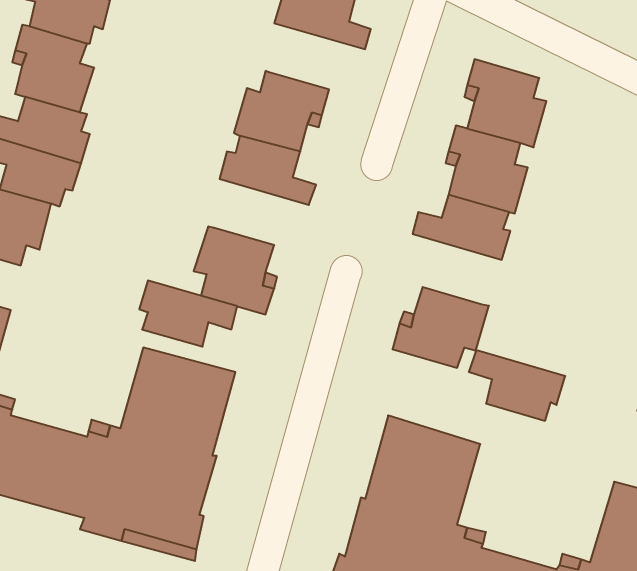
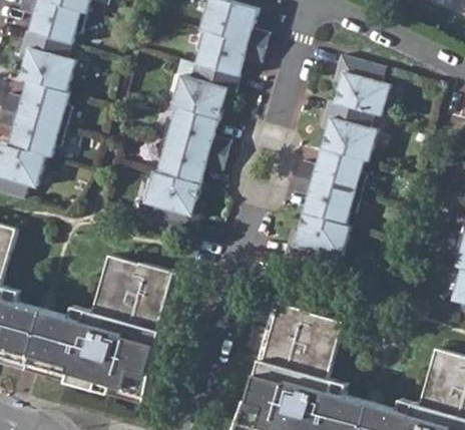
building: none -> [194,28,264,74]
building: [139,280,237,347] -> [156,136,224,182]
building: [469,350,565,421] -> [292,174,359,224]

